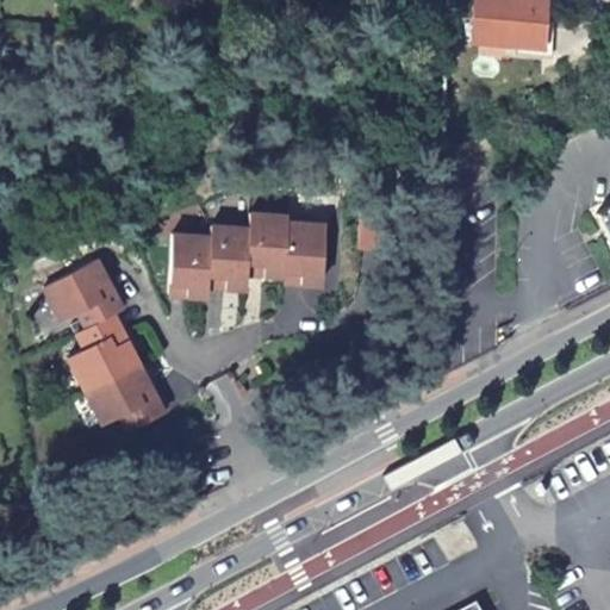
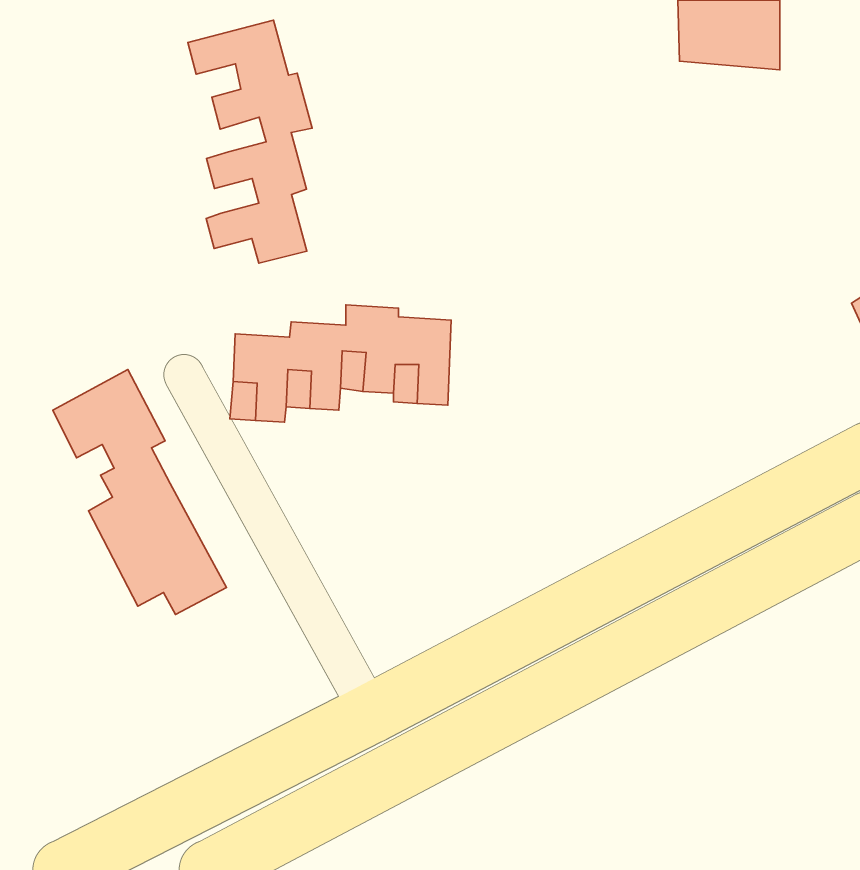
building: none -> [188,20,312,263]

